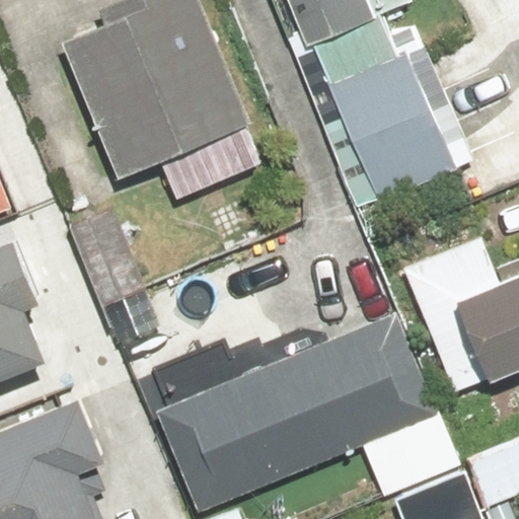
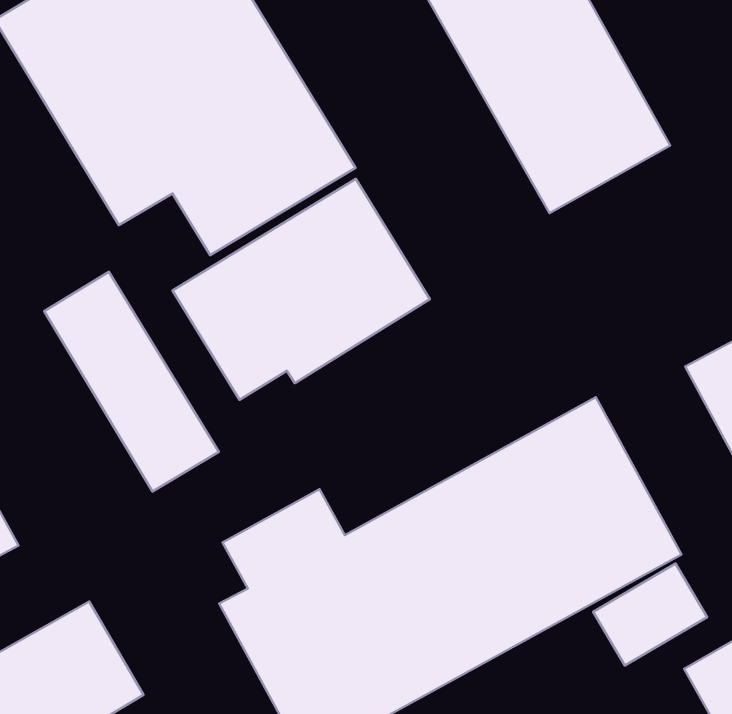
building: none -> [173,179,430,400]

